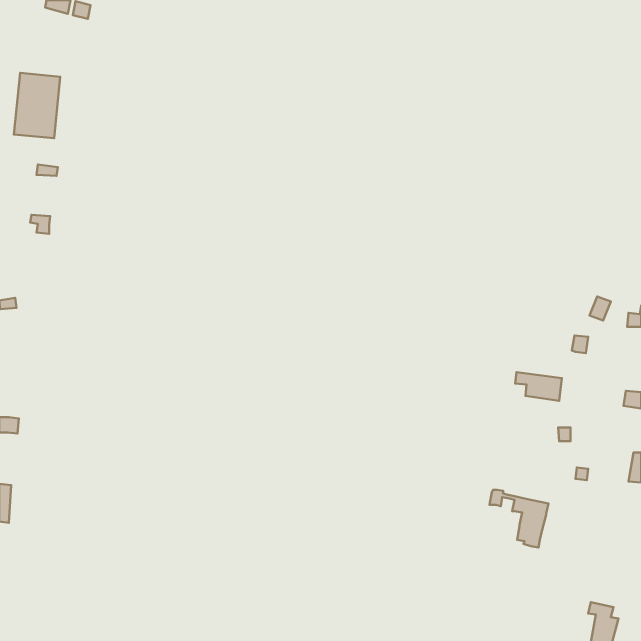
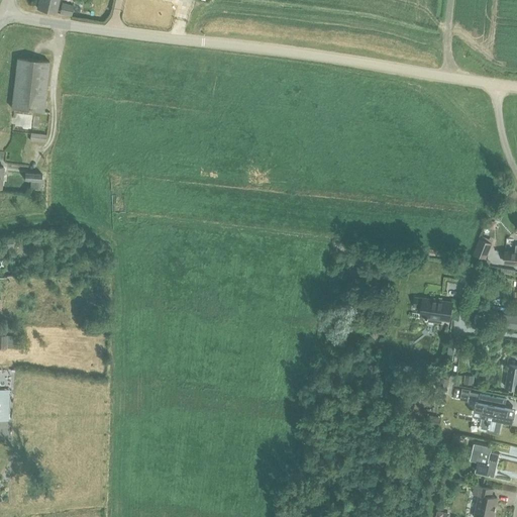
building: [489,490,549,548] -> [458,389,506,435]
building: none -> [470,443,499,477]

